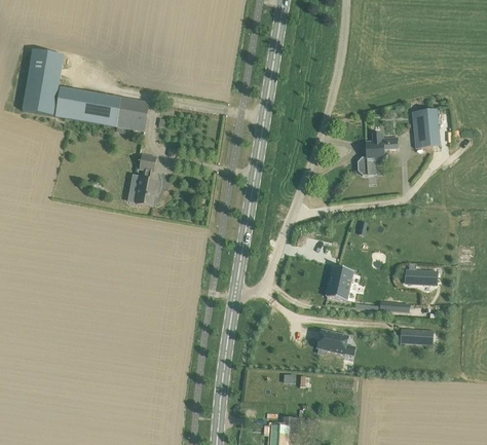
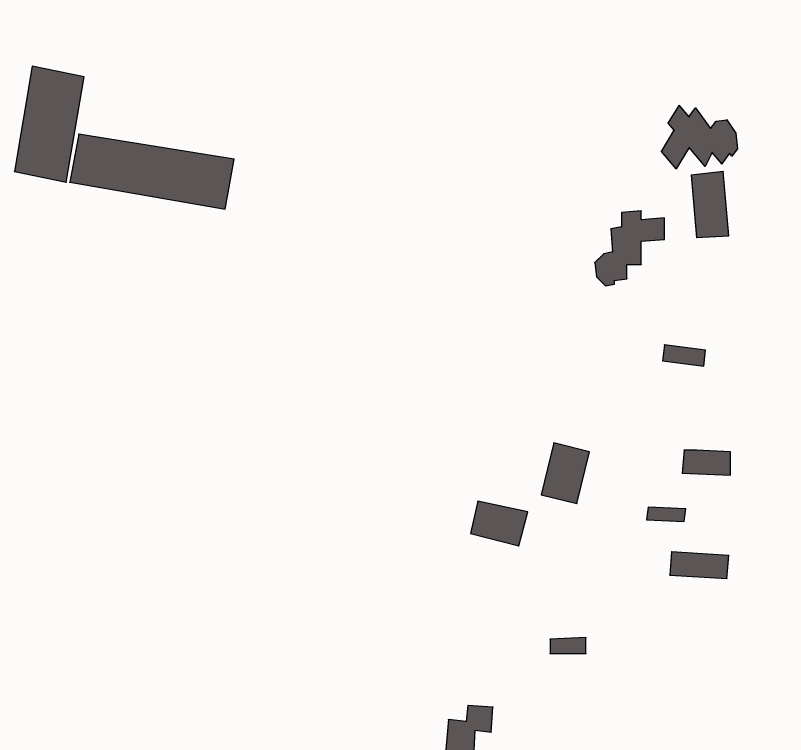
building: none -> [661,105,738,169]
building: [130,154,158,206] -> none
building: [316,329,349,355] -> [471,501,528,546]

